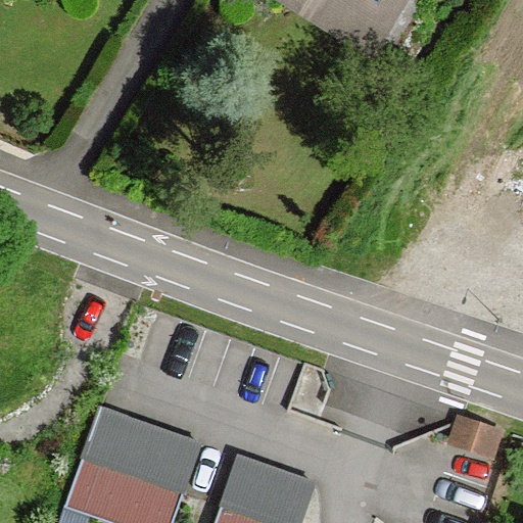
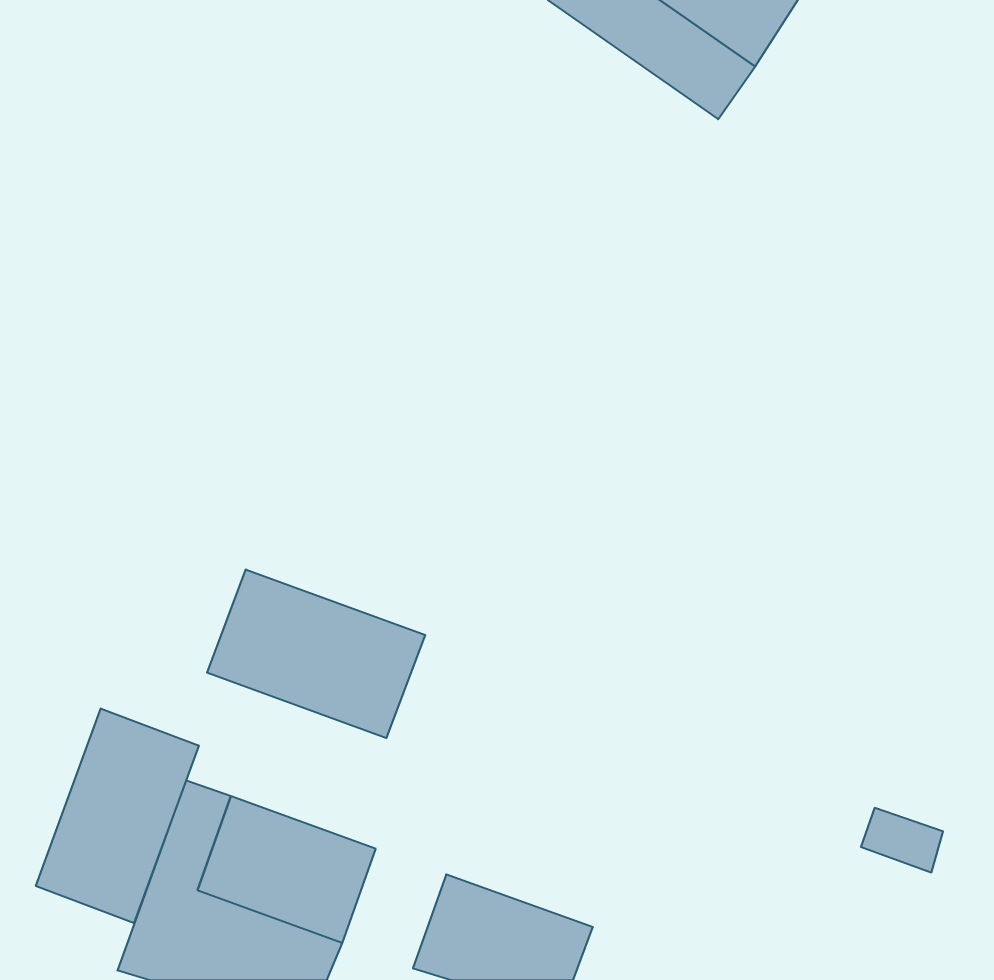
building: none -> [207,569,425,738]
building: none -> [36,708,199,923]

